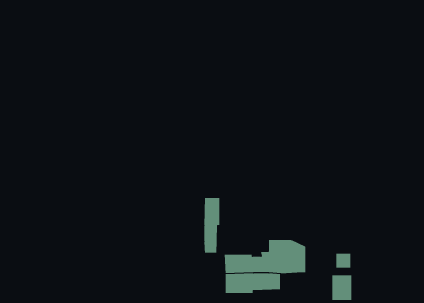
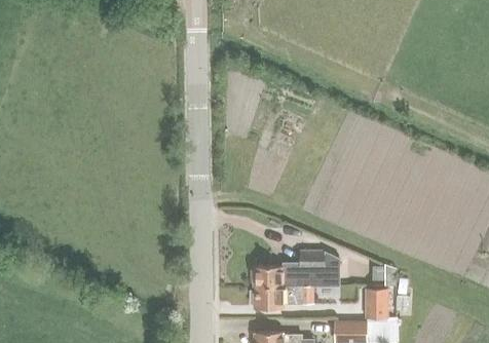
building: [204,197,220,253] -> none

